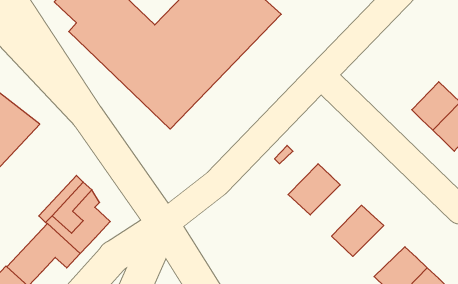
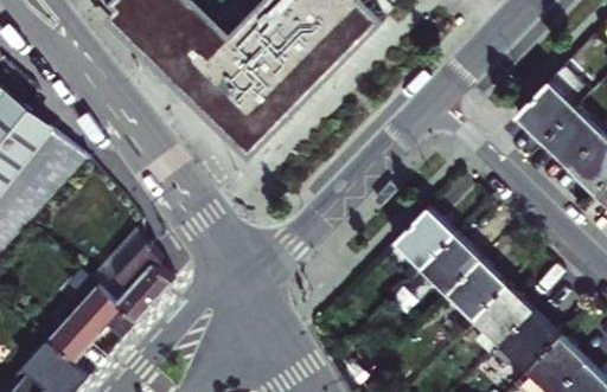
building: none -> [519,84,577,142]
building: none -> [420,234,483,297]
building: none -> [472,284,536,347]

